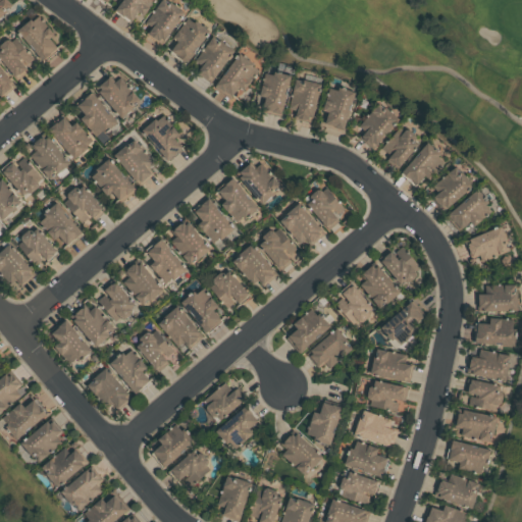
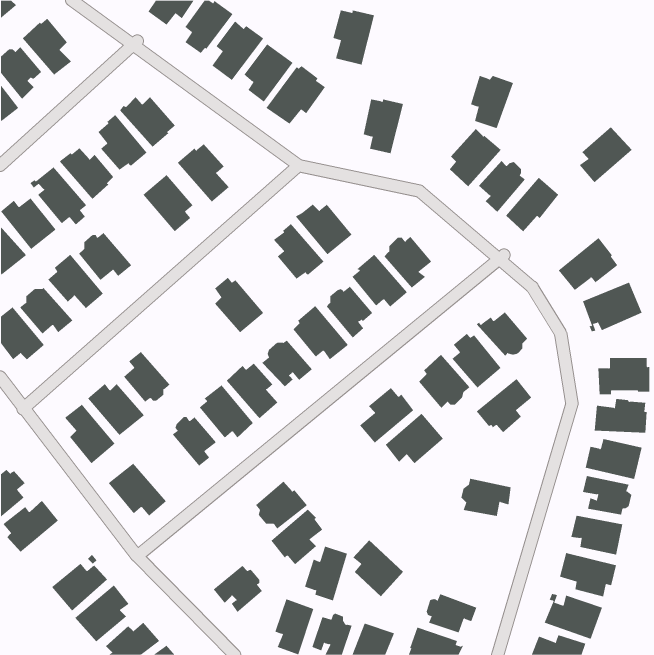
building: [259,71,293,115] -> [333,10,375,65]
building: [322,87,357,129] -> [470,75,514,129]
building: [92,157,138,202] -> none
building: [430,166,473,211] -> [579,127,633,183]
building: [195,198,234,243] -> none
building: [146,239,190,283] -> none
building: [116,262,164,305] -> none
building: [371,349,413,382] -> none
building: [110,350,151,395] -> none
building: [307,401,342,445] -> [304,546,348,601]
building: [355,409,398,447] -> none
building: [21,419,65,462] -> none
building: [151,424,195,468] -> none
building: [344,440,387,476] -> none

